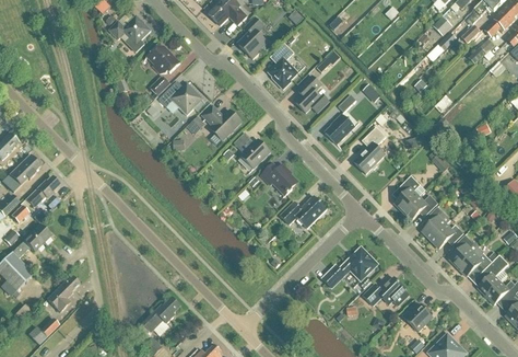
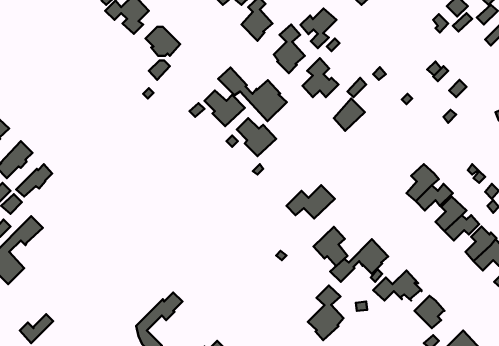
building: none -> [301,8,336,48]
building: [157,81,201,115] -> none
building: none -> [218,67,287,121]
building: [353,127,385,174] -> none
building: [260,163,296,196] -> none
building: none -> [313,227,348,266]
building: [46,277,78,312] -> none
building: none -> [308,285,344,340]

